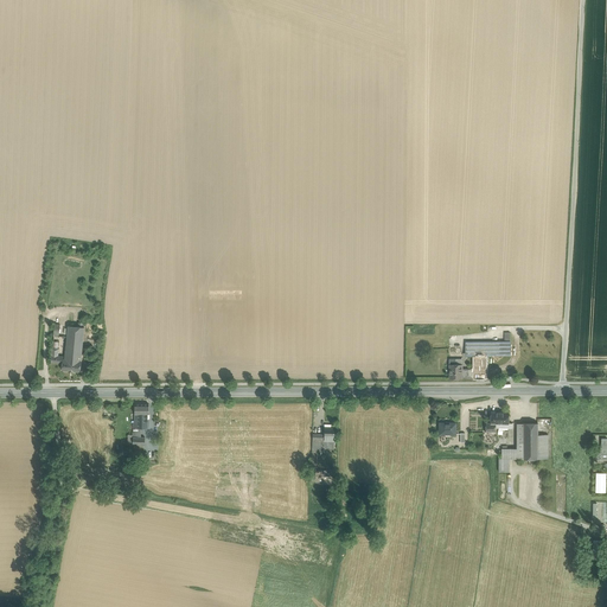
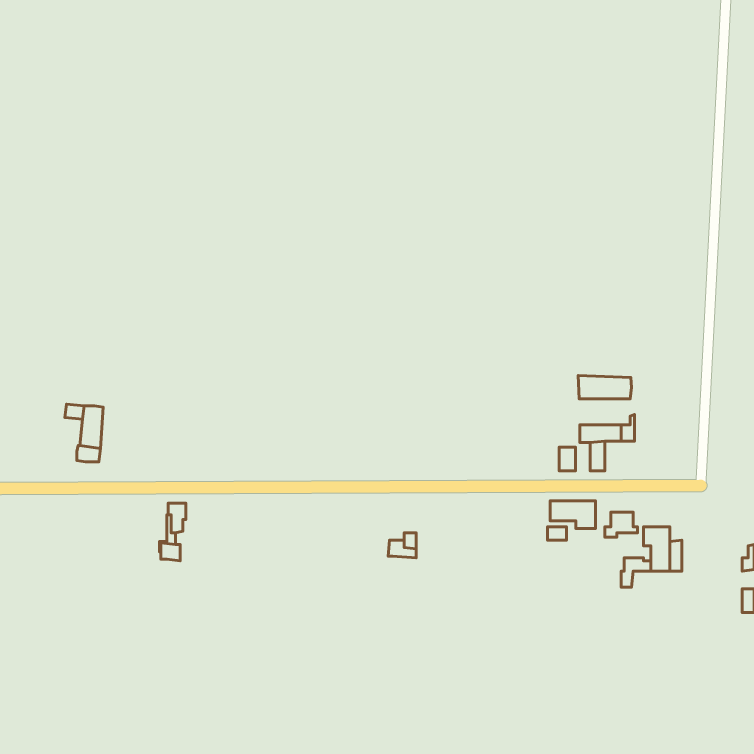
building: none -> [578,376,632,399]
building: none -> [550,501,596,529]

